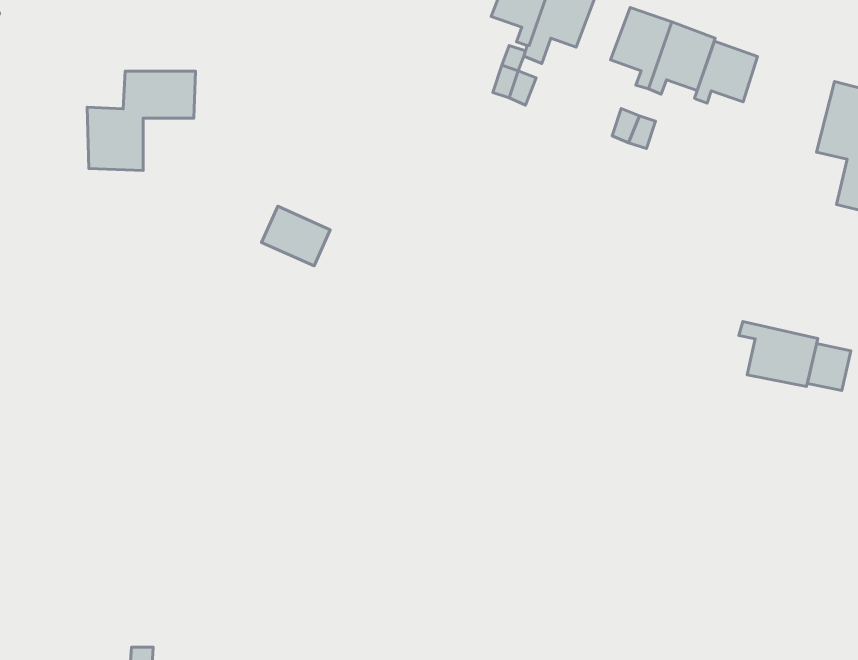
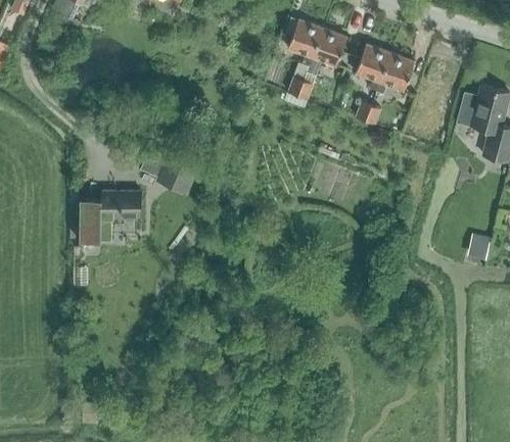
building: [695,41,757,103] -> none
building: [87,71,196,170] -> [80,191,141,247]
building: [739,321,818,387] -> none

